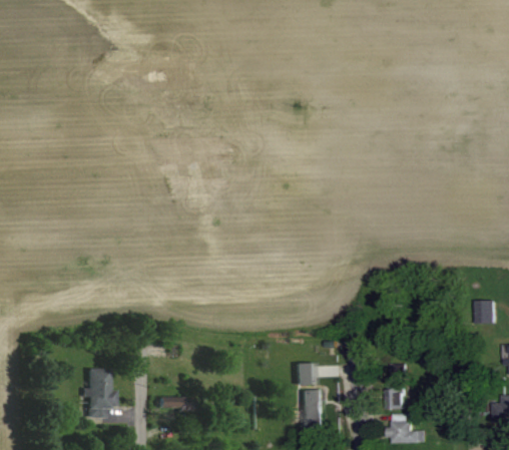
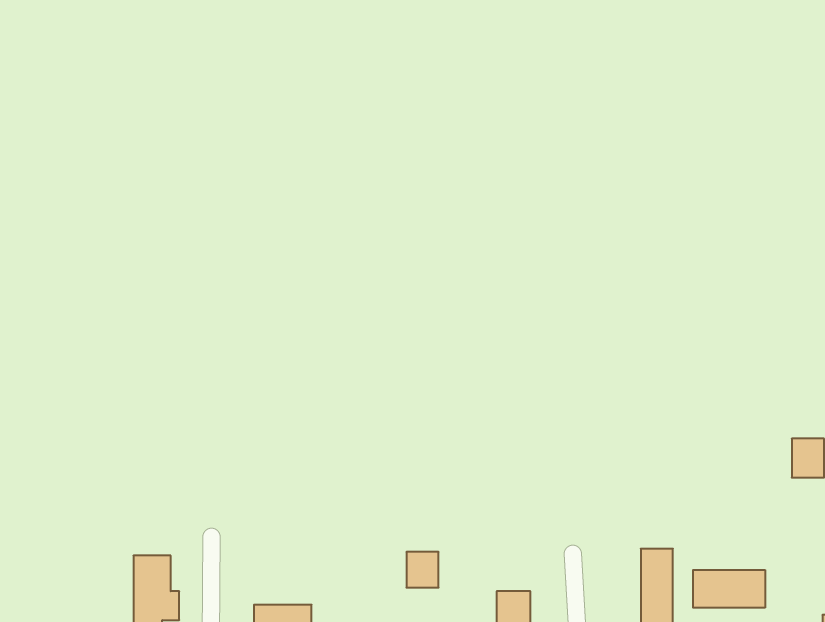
building: [295,364,314,385] -> [406,552,439,588]
building: none -> [693,570,765,608]

